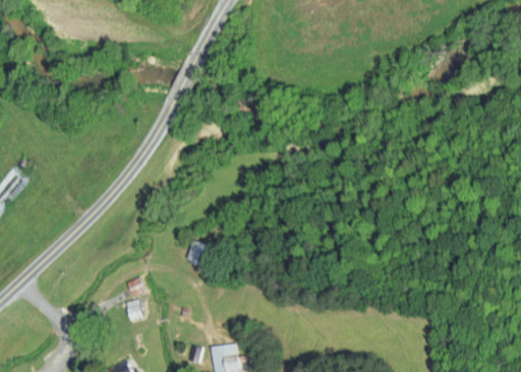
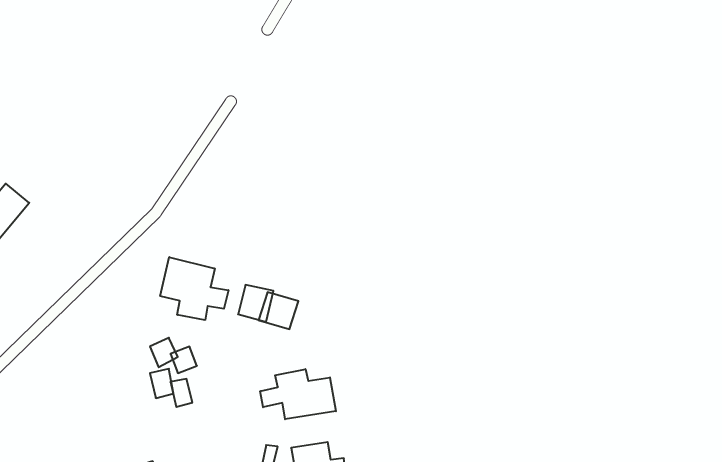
building: none -> [160,257,228,320]
building: none -> [260,369,336,419]

